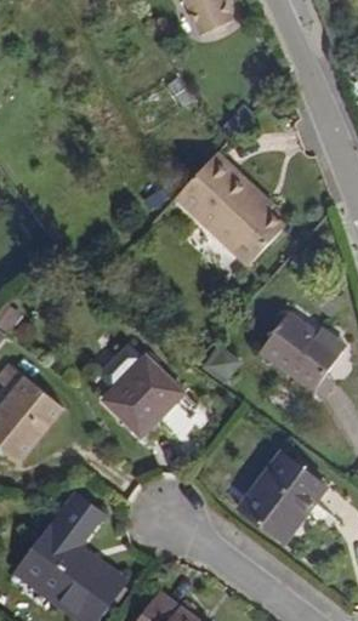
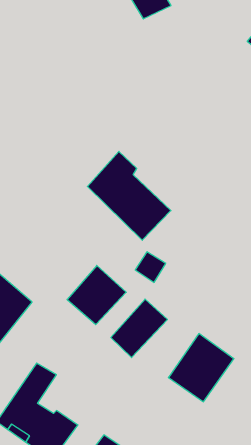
building: [183,144,296,264] -> [87,151,171,240]
building: [263,314,345,393] -> none
building: none -> [111,299,167,358]

